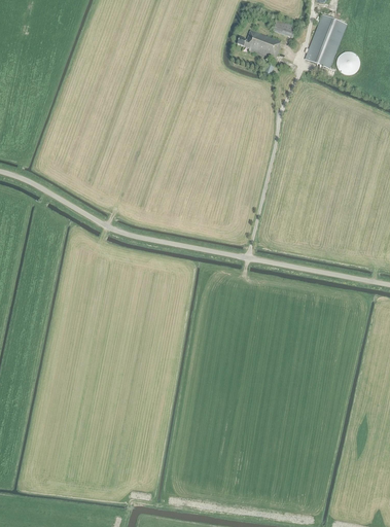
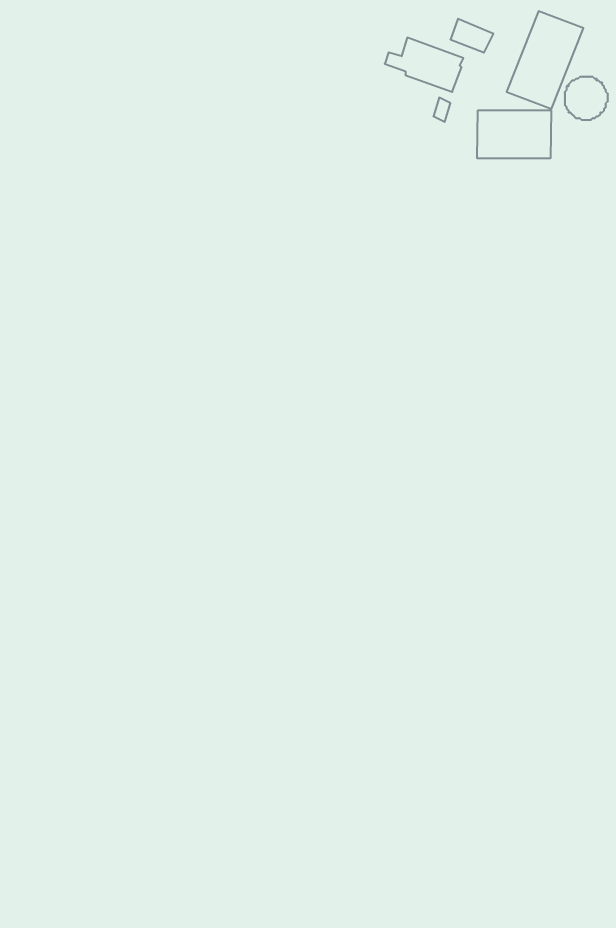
building: none -> [477,110,551,158]

